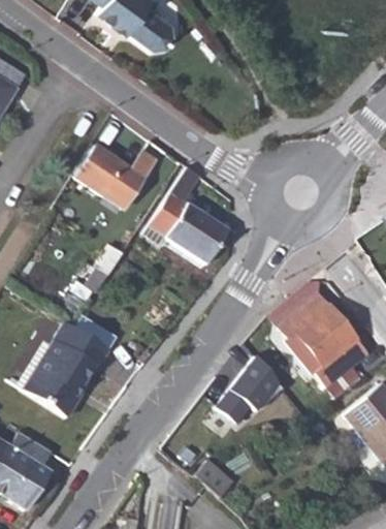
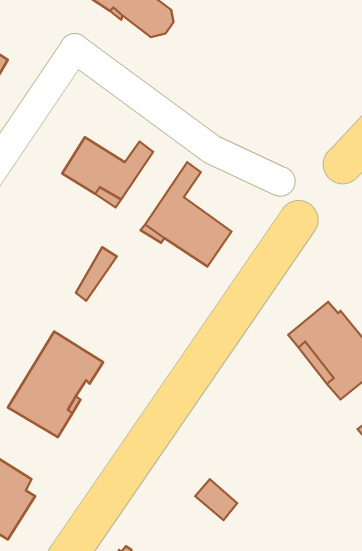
building: [216,352,286,418] -> none

